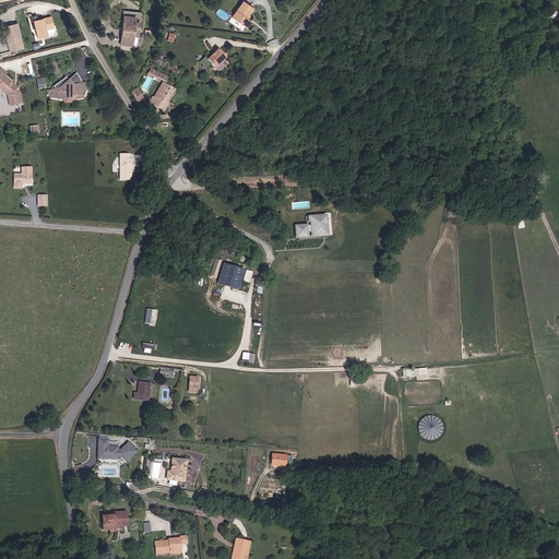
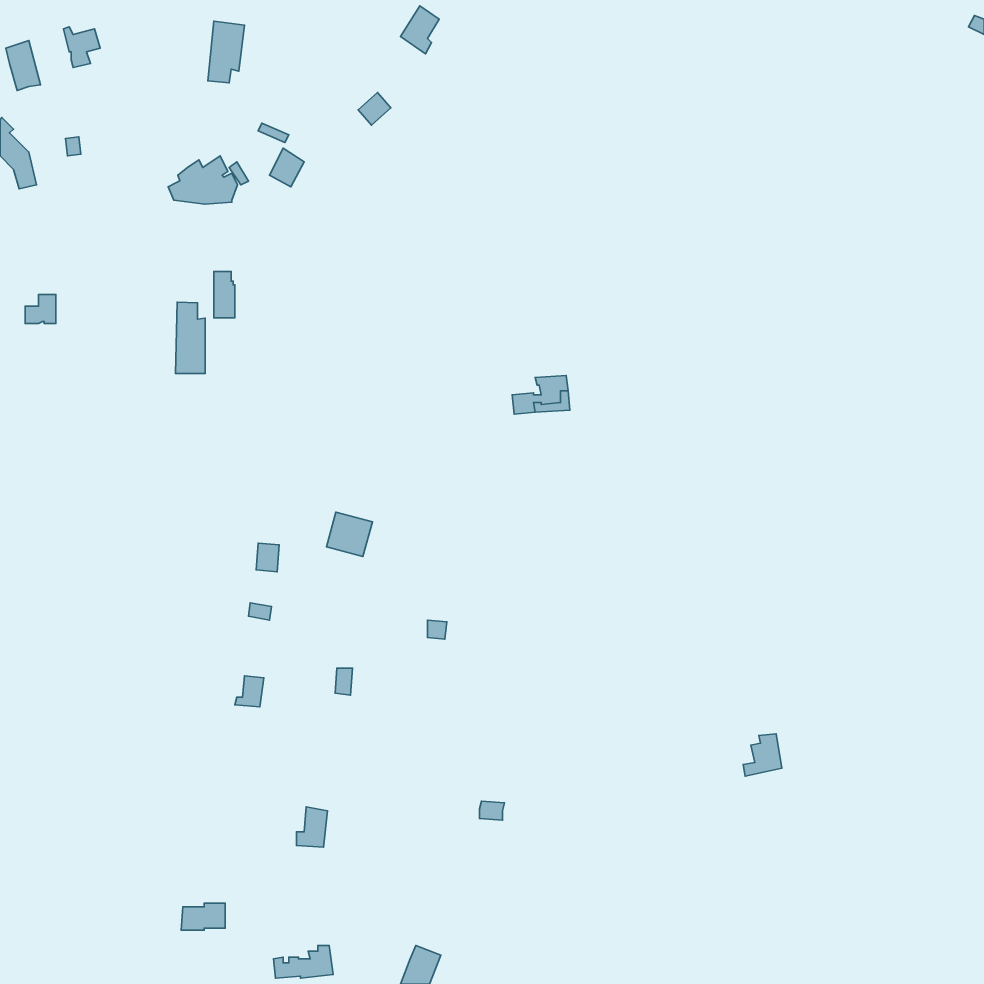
building: [48,73,87,100] -> [168,156,237,204]
building: none -> [175,302,205,373]
building: [219,263,246,288] -> [326,512,373,556]
building: [97,433,132,461] -> none

